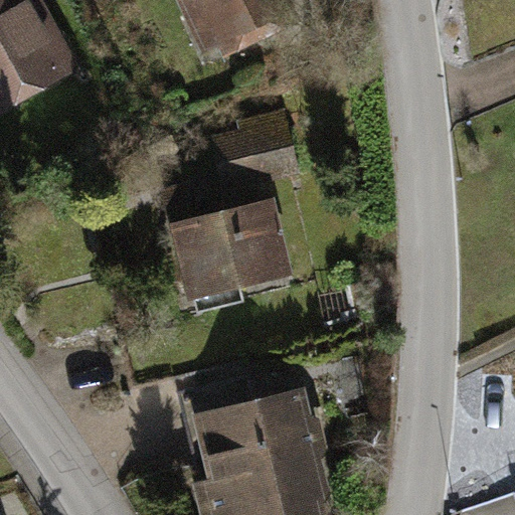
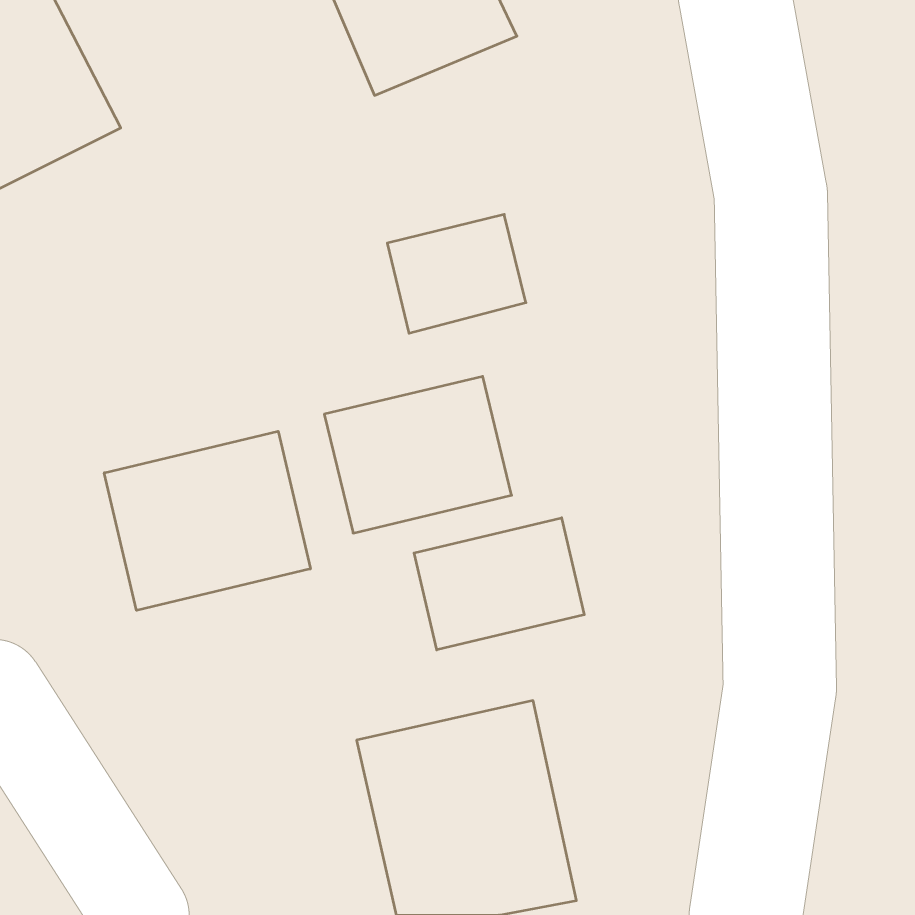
building: none -> [104,431,310,610]
building: none -> [414,518,584,650]

